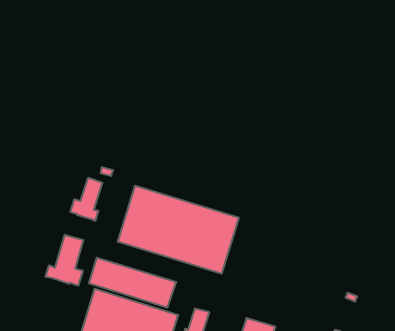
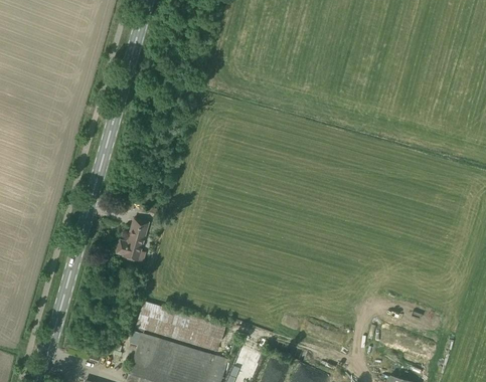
building: [118,186,239,274] -> none
building: [46,235,83,286] -> none

